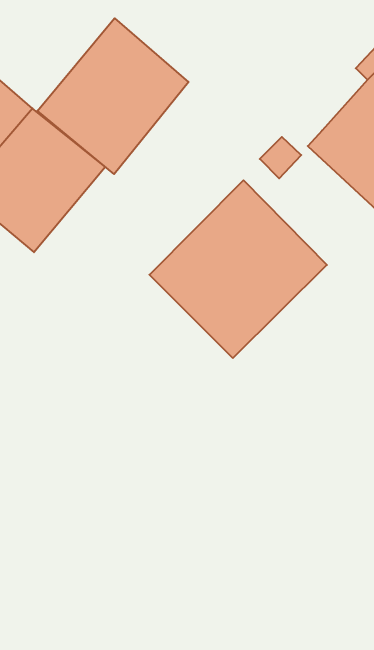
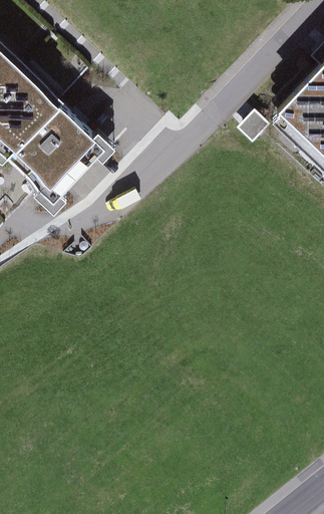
building: [37,18,189,174] -> none
building: [149,180,327,358] -> none

